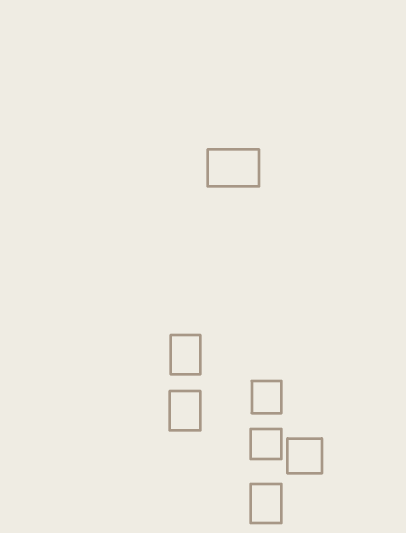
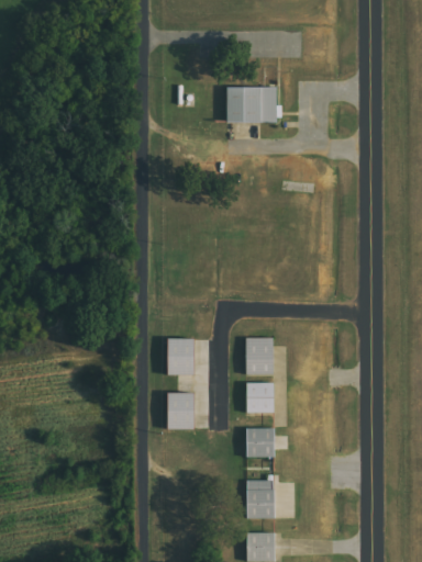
building: [208,150,259,186] -> [227,87,277,122]
building: none -> [244,337,273,374]
building: [288,438,322,473] -> none

